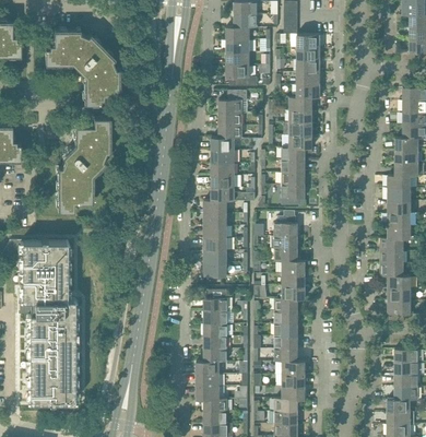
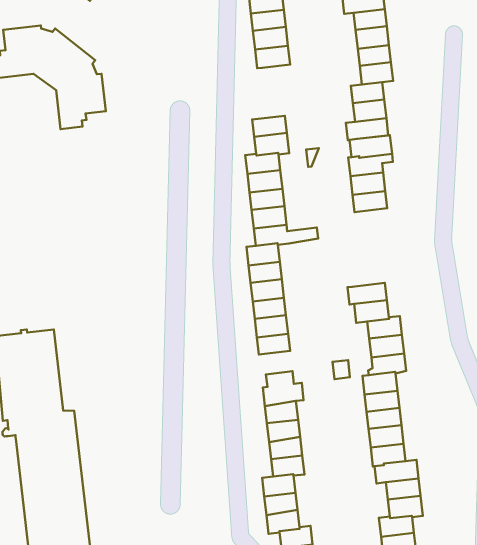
building: [220,92,248,115] -> none
building: [59,119,109,213] -> none
building: [283,187,306,208] -> none
building: [275,213,298,238] -> none

